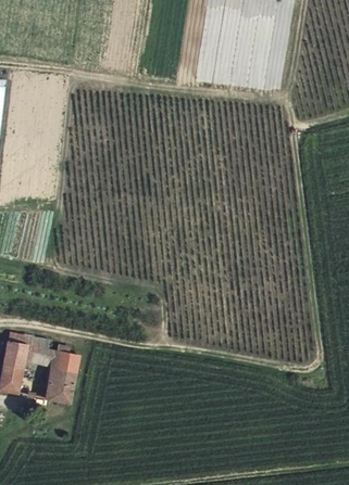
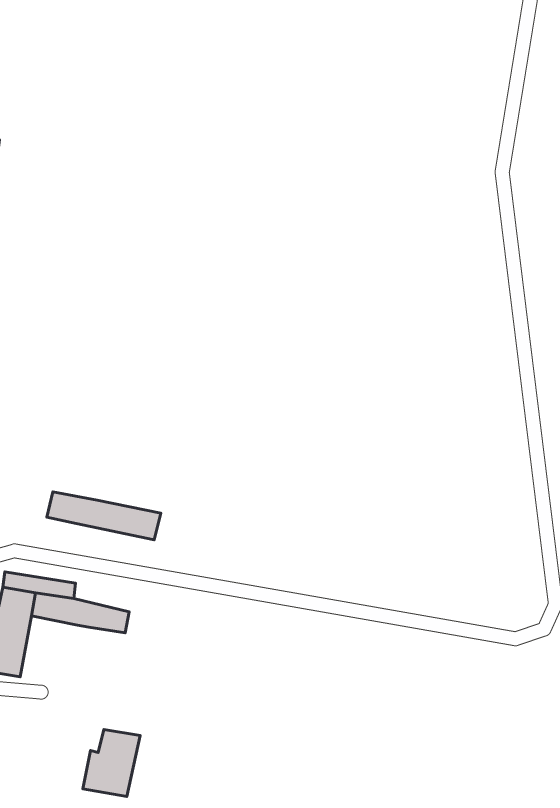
building: none -> [47,492,161,540]
building: [45,365,77,403] -> [83,730,140,797]

